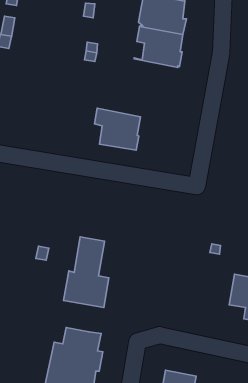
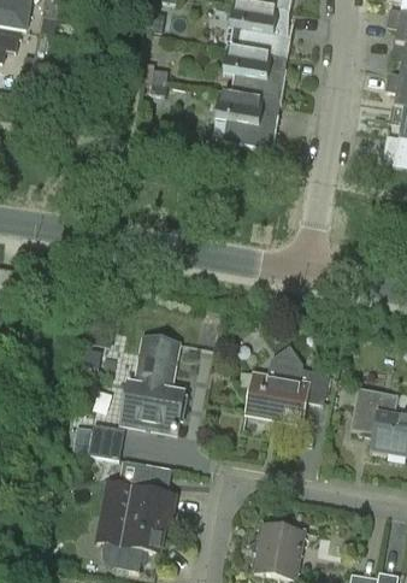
building: [94,108,141,150] -> [214,90,278,148]
building: none -> [244,344,328,425]
building: none -> [70,423,124,459]

